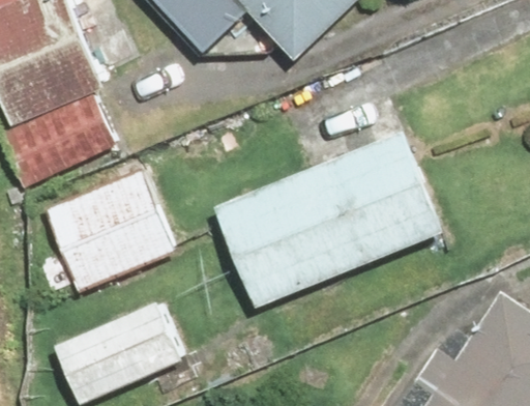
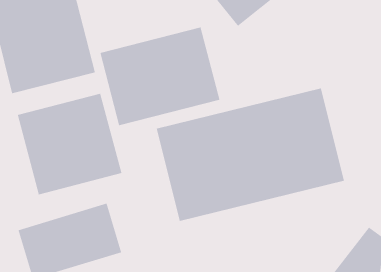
building: none -> [99,26,220,126]

